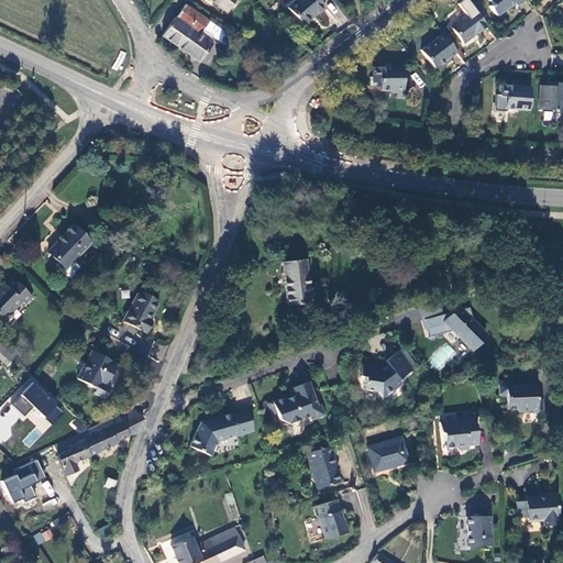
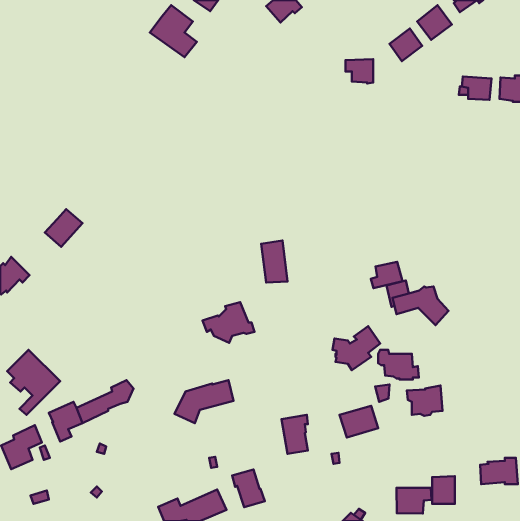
building: none -> [371,262,402,288]
building: [123,291,159,333] -> none
building: [78,351,115,399] -> none
building: [501,382,545,413] -> [378,350,419,379]
building: [267,384,323,428] -> [203,302,255,343]
building: [313,500,349,541] -> [232,469,265,507]
building: none -> [396,488,431,514]

